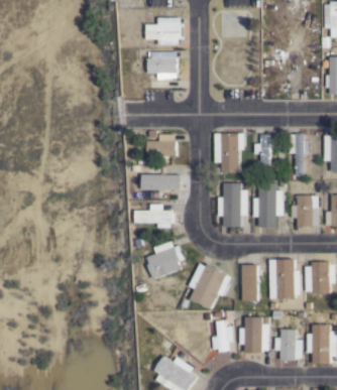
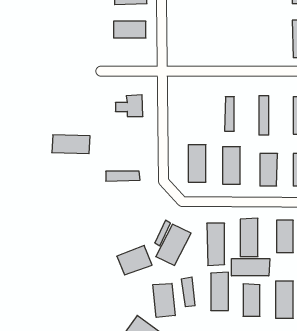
building: [221,134,239,172] -> none
building: [139,175,179,194] -> [52,135,90,154]
building: [145,248,182,278] -> [117,245,152,275]
building: none -> [232,259,270,276]
building: none -> [153,283,175,317]

